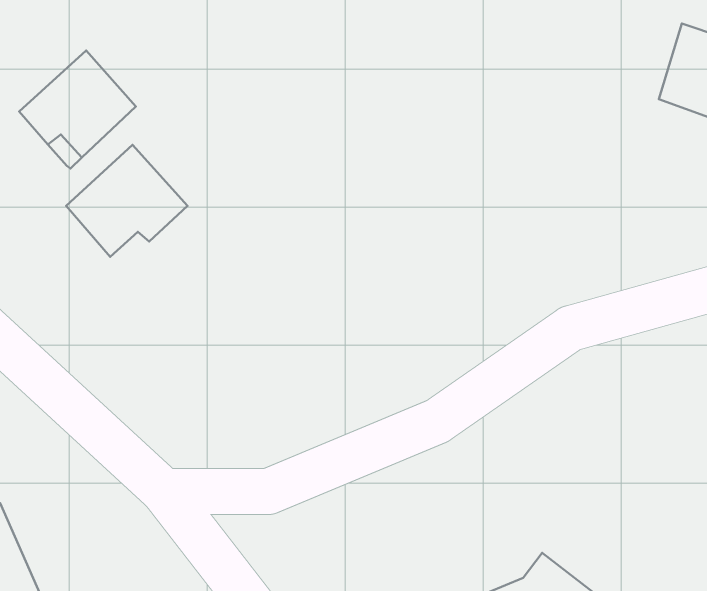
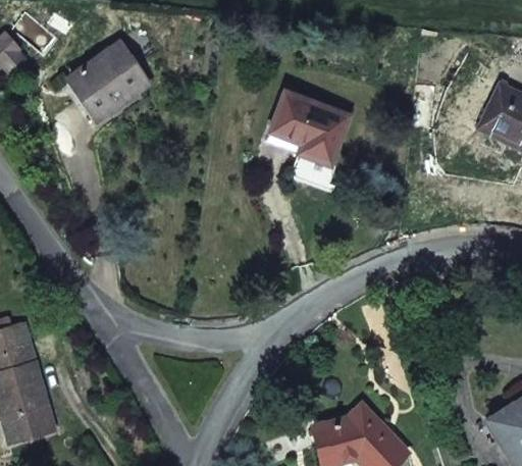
building: none -> [271,90,348,165]
building: [66,145,188,257] -> none

